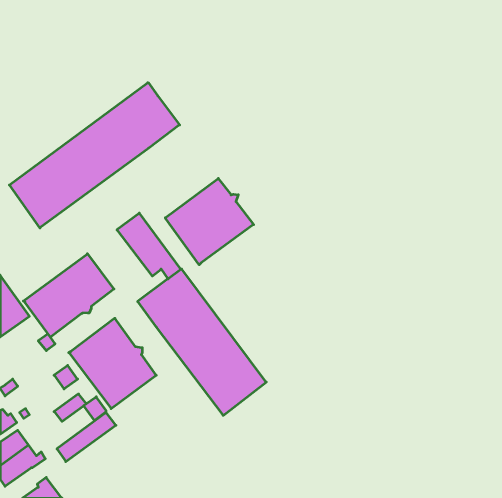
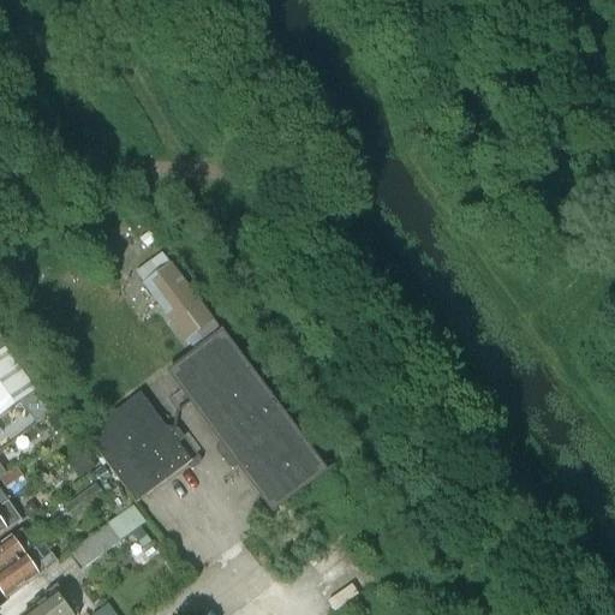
building: [9,83,180,228] -> none
building: [165,178,254,265] -> none
building: [23,254,114,337] -> none

